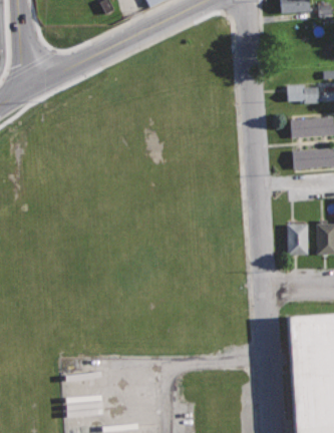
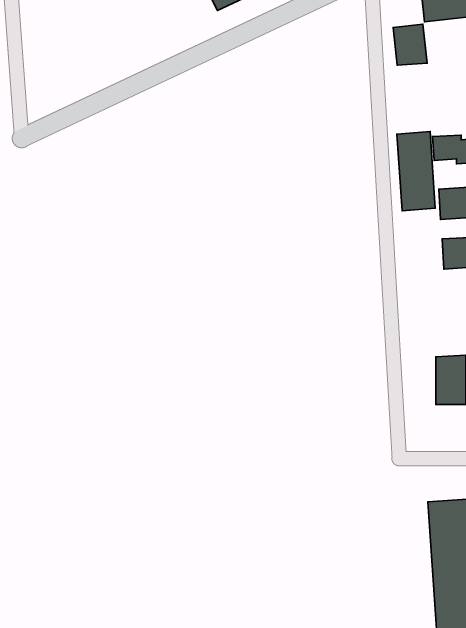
building: none -> [393,24,427,65]
building: none -> [397,131,435,211]

